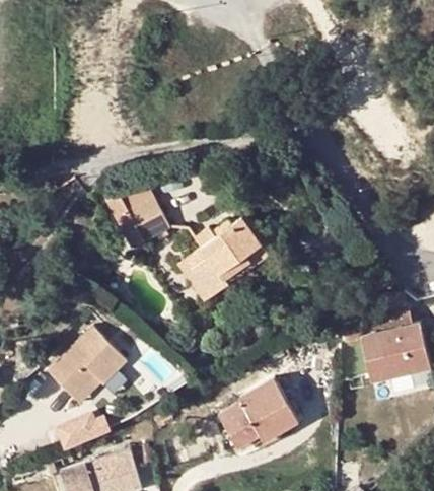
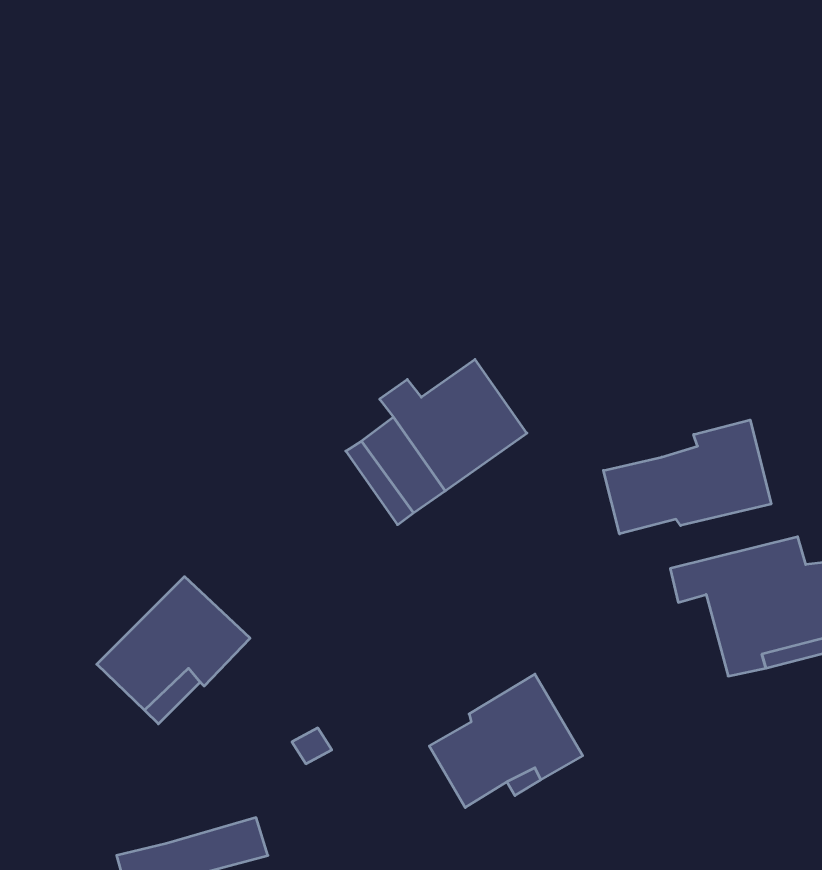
building: [125,198,169,243] -> none
building: none -> [603,420,771,534]
building: [56,406,111,448] -> none

